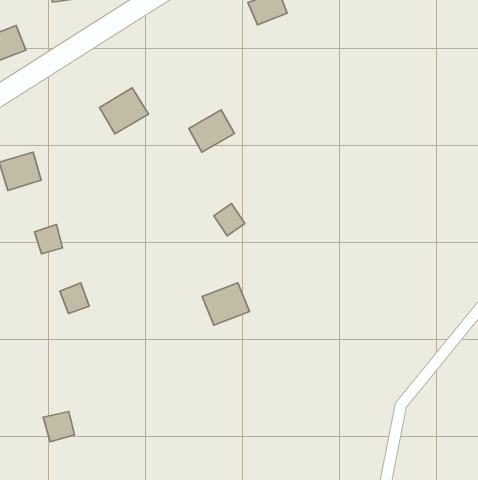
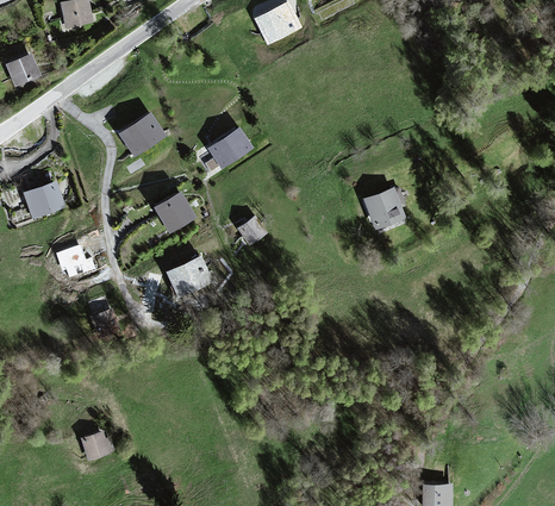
building: none -> [152,187,198,232]
building: none -> [362,187,405,230]
building: [202,283,249,325] -> [166,257,213,300]

